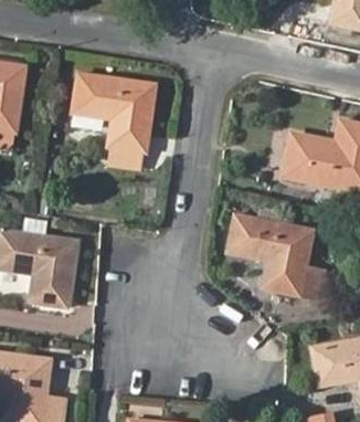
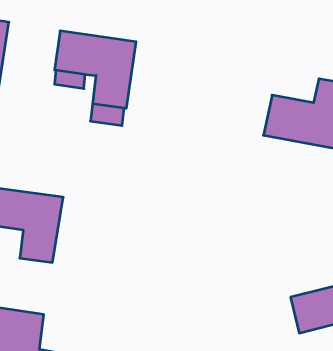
building: [227,214,320,300] -> none

